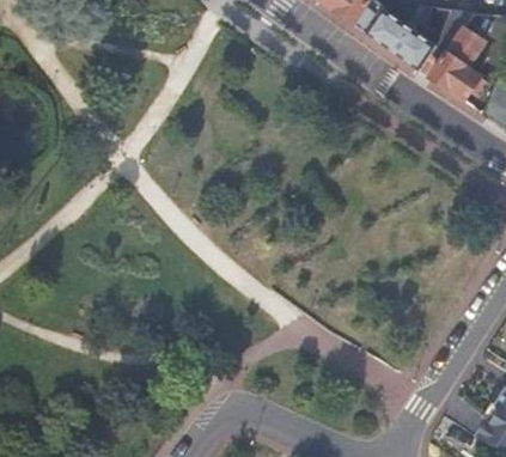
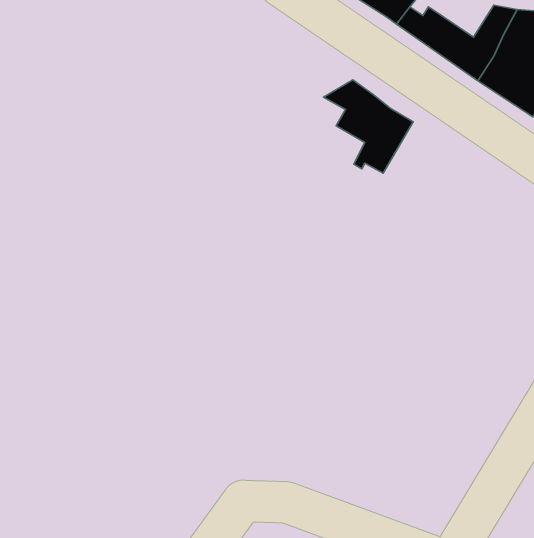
building: none -> [323,80,413,173]

